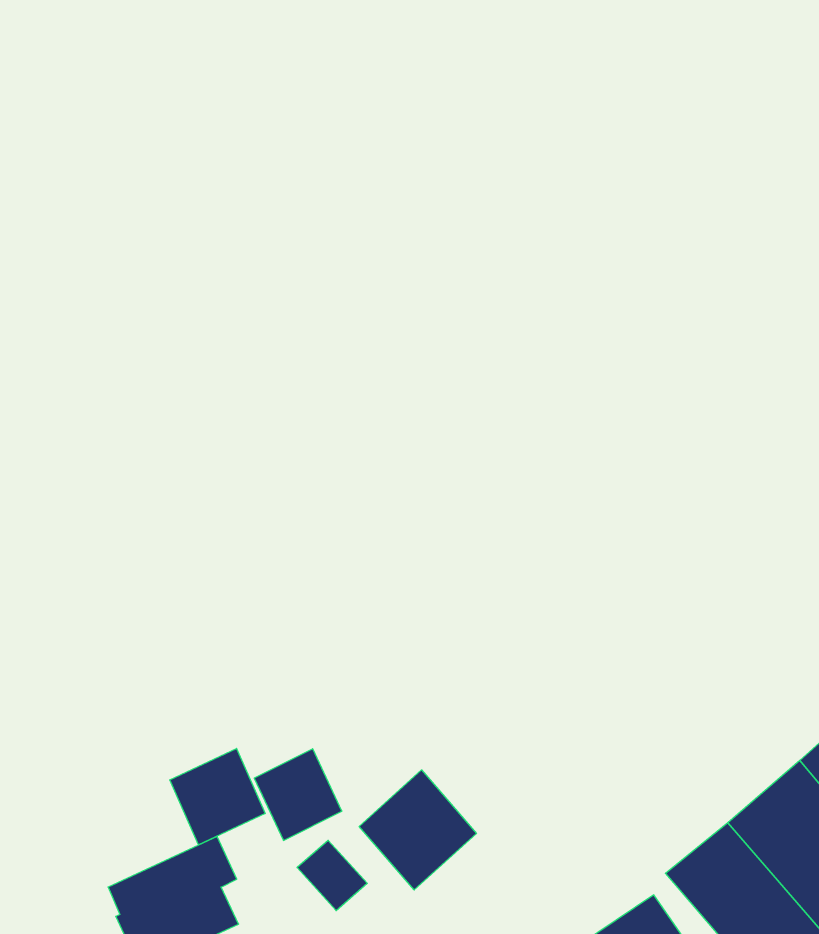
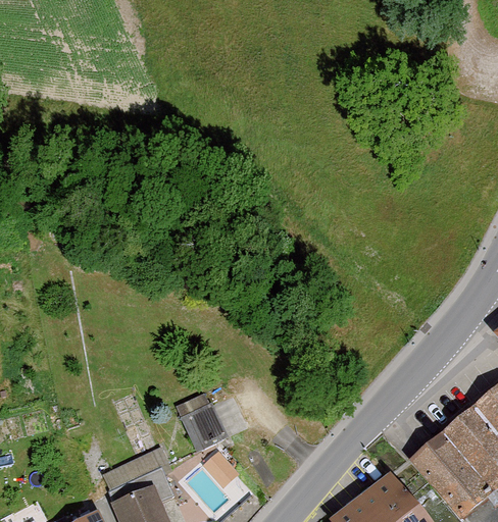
building: [170,748,265,845] -> none
building: [359,770,476,890] -> none

